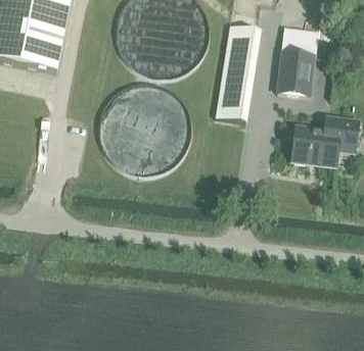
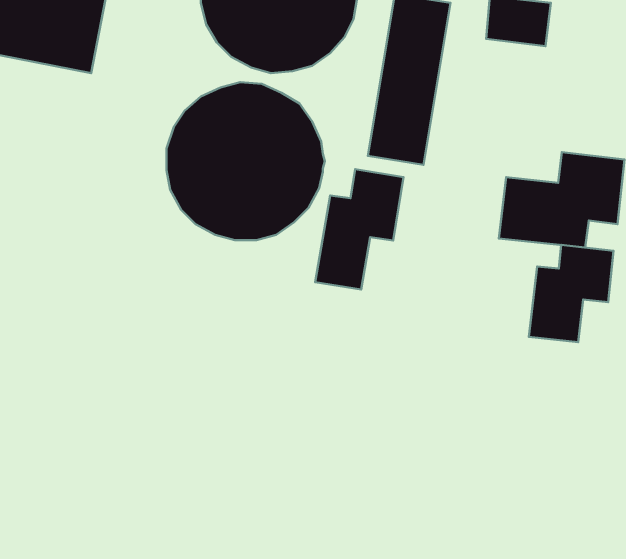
building: [276,51,315,94] -> none
building: none -> [315,169,404,289]
building: none -> [529,245,614,342]

